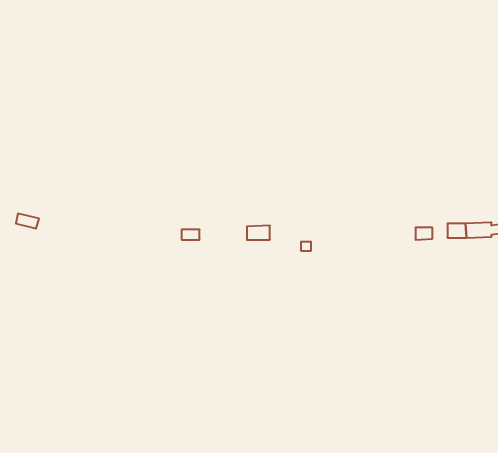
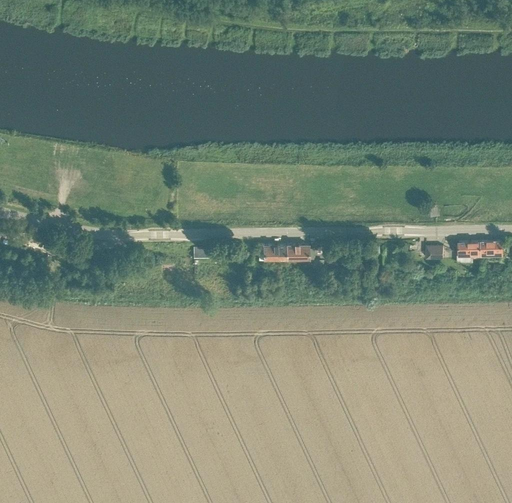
building: none -> [280,245,312,259]

